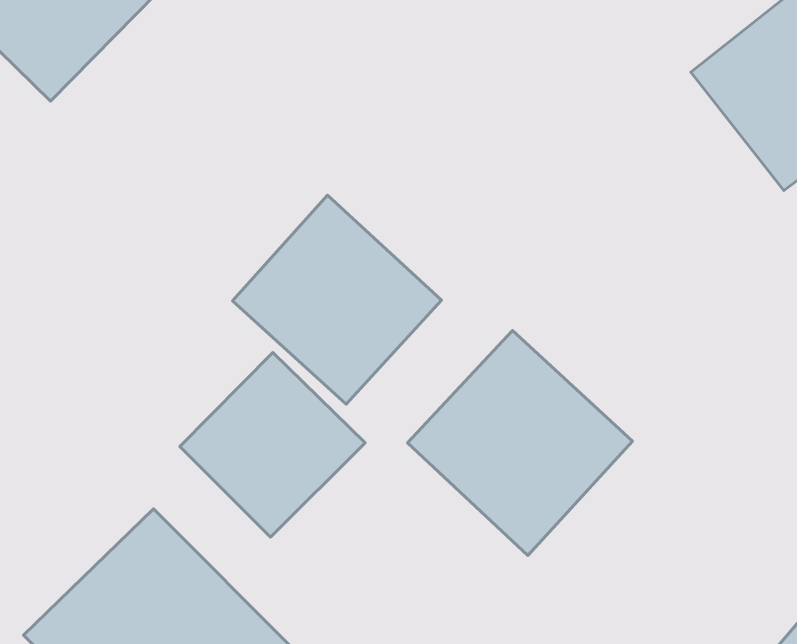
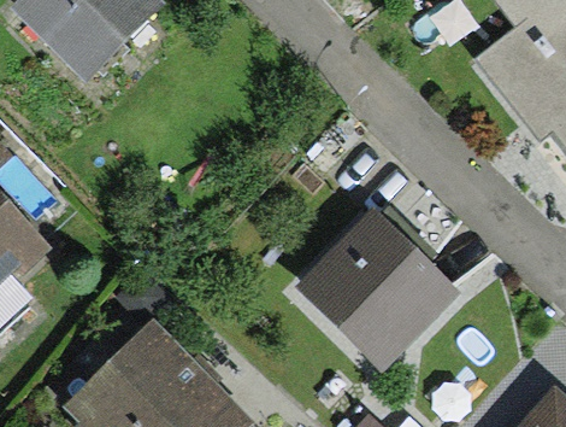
building: [233,195,441,404] -> none
building: [180,352,365,537] -> none

